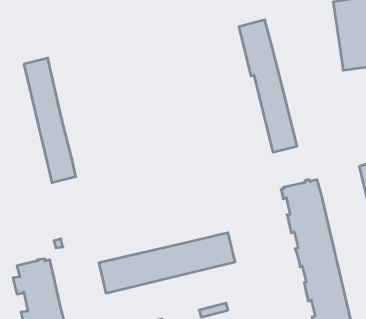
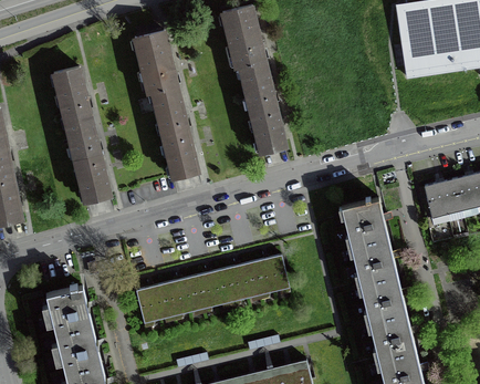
building: [239,20,297,152] -> [223,7,288,153]
building: none -> [135,31,199,177]

